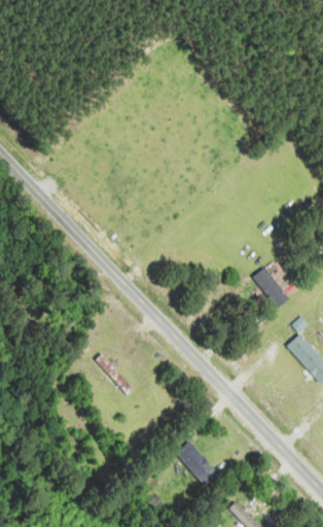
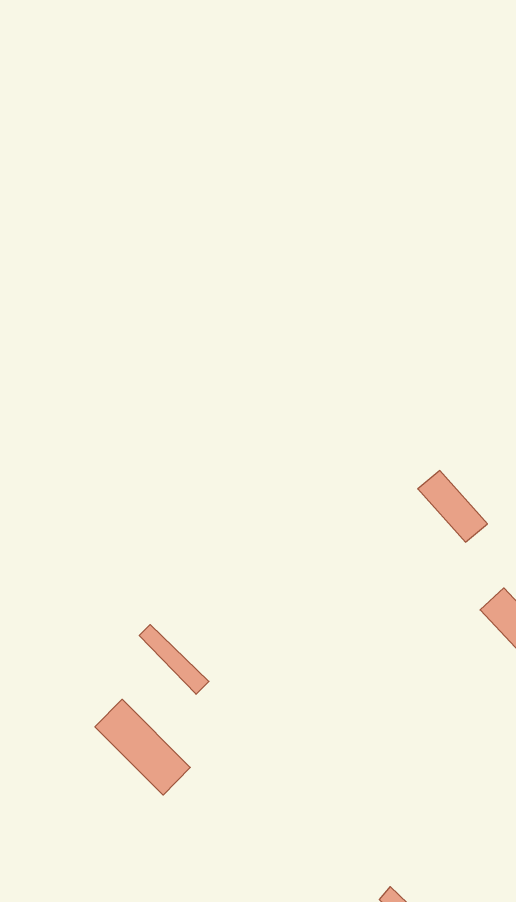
building: none -> [95,699,190,795]
building: [174,441,217,484] -> none

